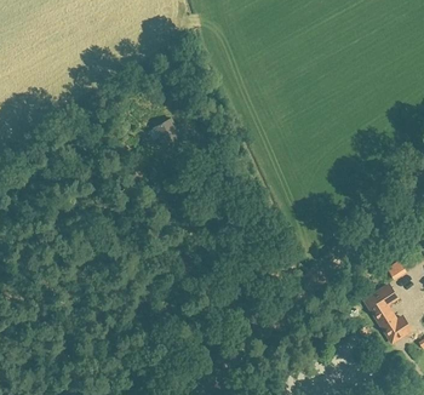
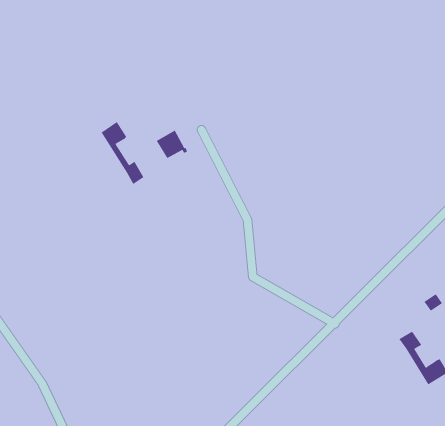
building: none -> [101,121,144,185]

